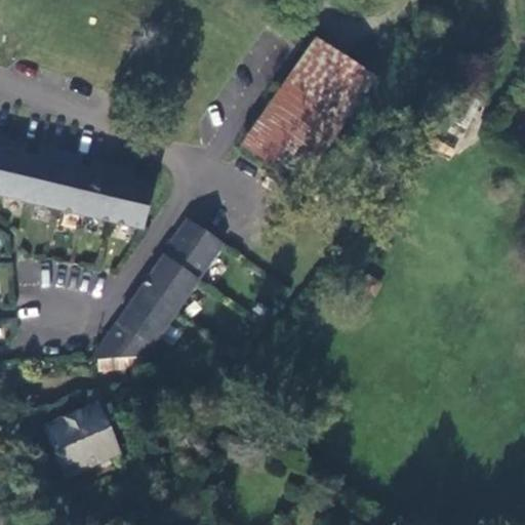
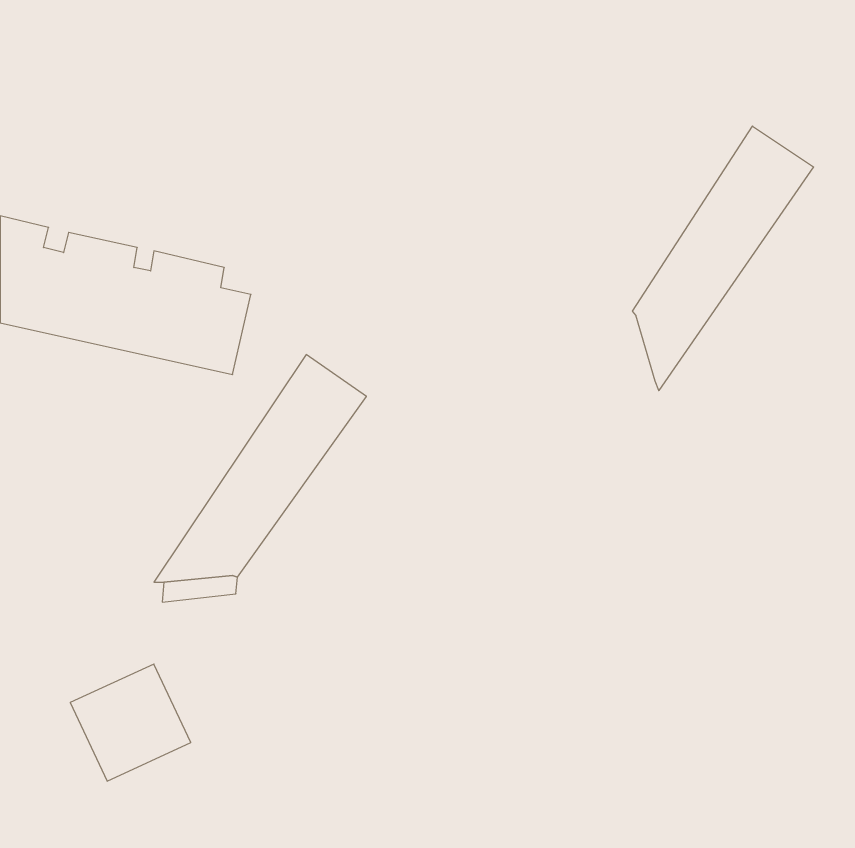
building: [242,35,376,180] -> none
building: none -> [633,126,814,391]

